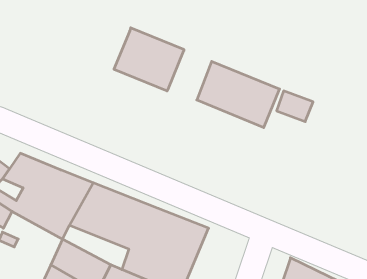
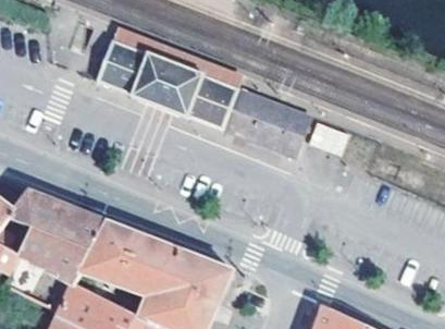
building: none -> [96,39,146,95]
building: none -> [188,74,236,129]

